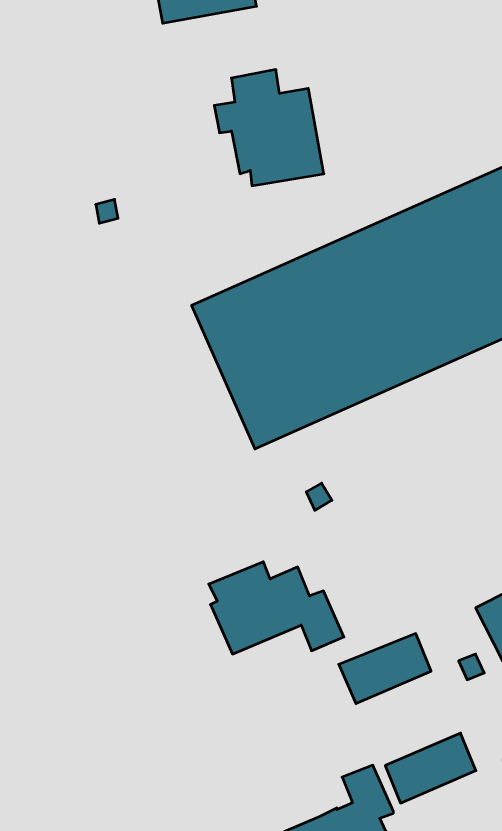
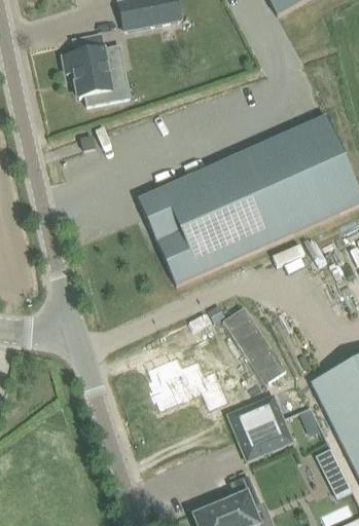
building: [214,70,324,186] -> [63,34,129,104]
building: none -> [221,307,284,382]
building: [385,733,476,803] -> [237,418,291,460]

